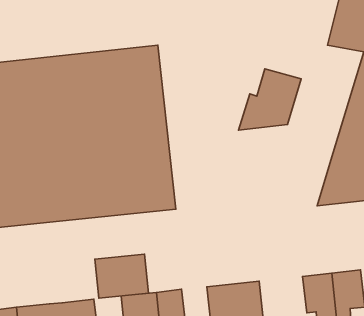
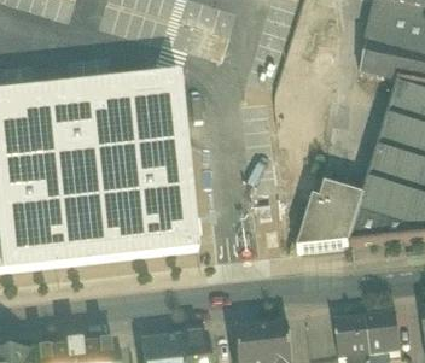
building: [239,69,301,130] -> [297,183,363,248]
building: [95,254,149,298] -> none

